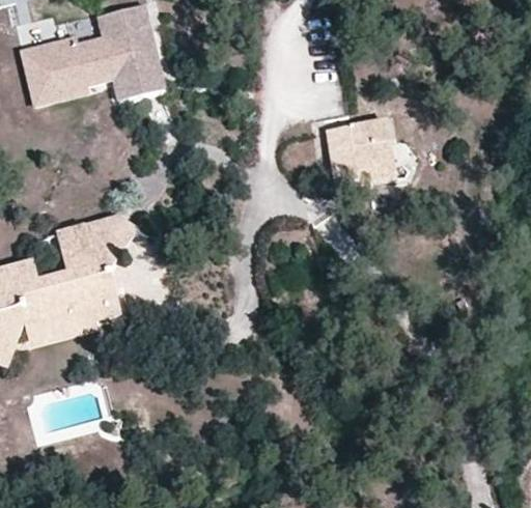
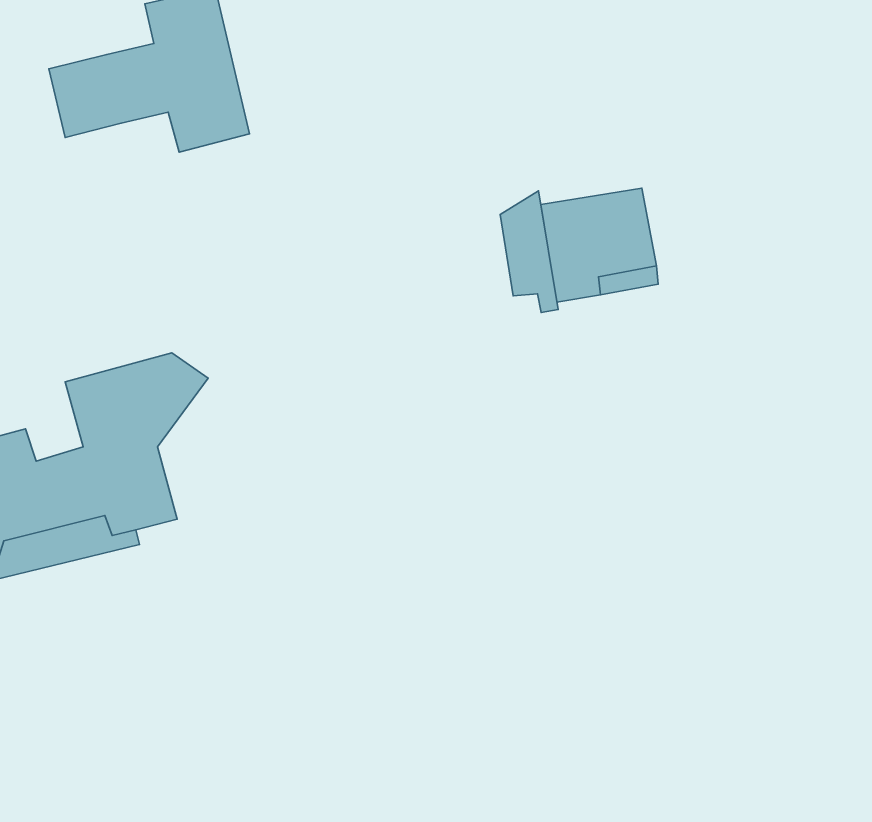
building: [24,36,89,103] -> none
building: none -> [500,191,558,312]

